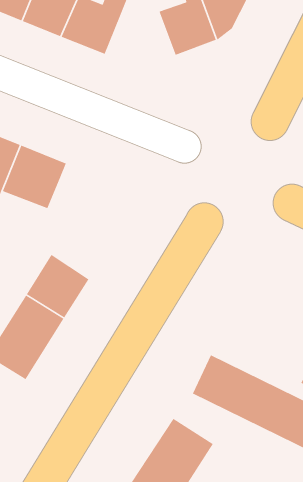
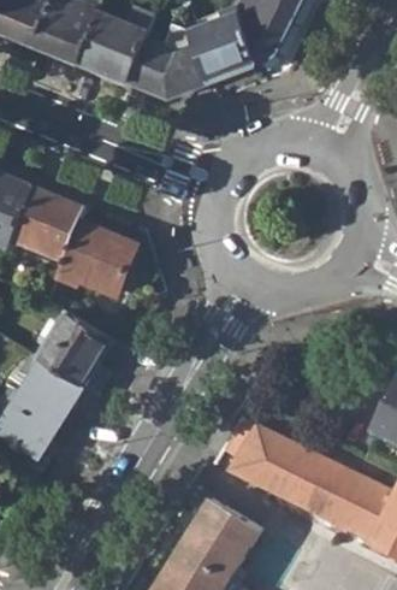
building: none -> [129,28,209,99]
building: none -> [57,225,134,294]

